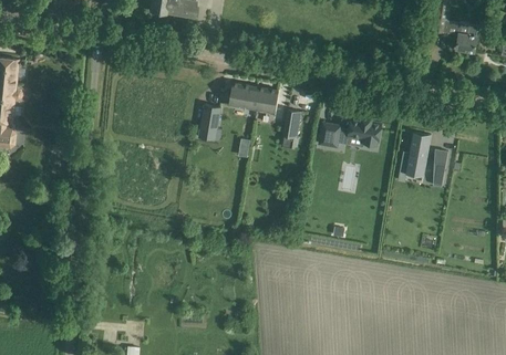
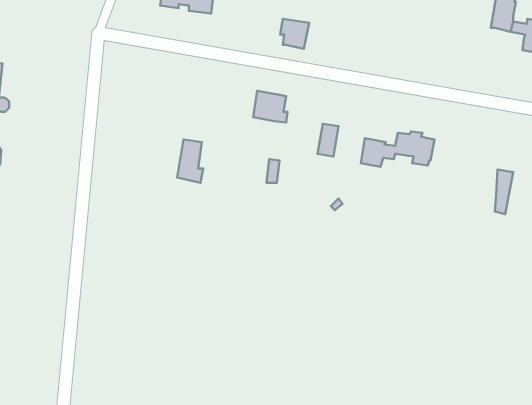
building: [254,87,278,113] -> [280,19,309,49]
building: [198,105,220,142] -> [177,139,203,183]
building: [400,132,430,175] -> none

